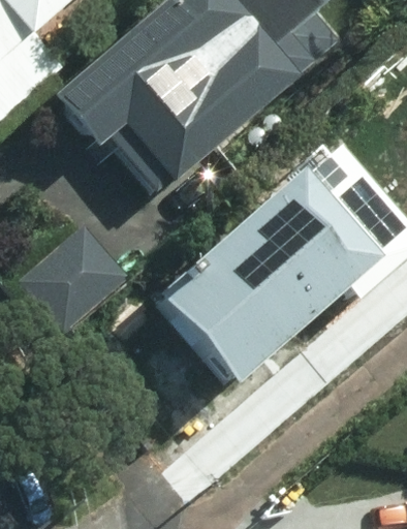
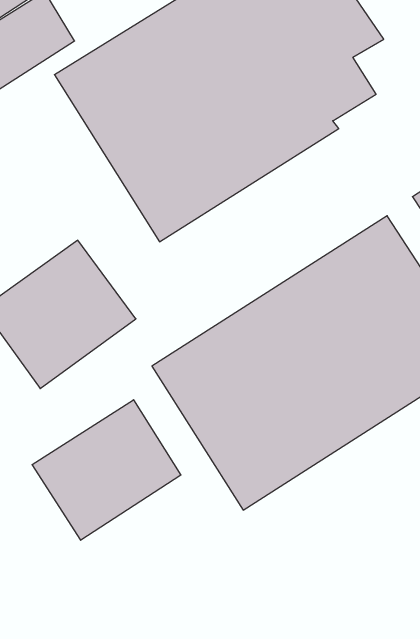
building: none -> [32,400,181,540]

